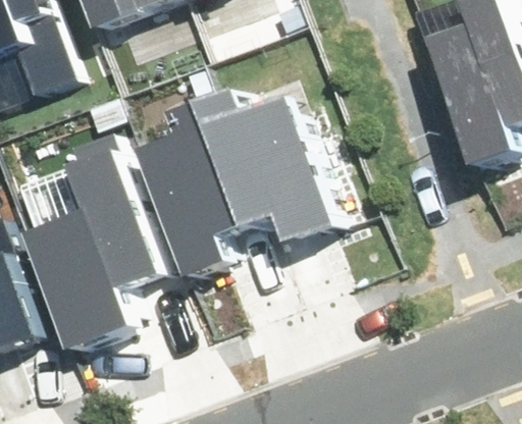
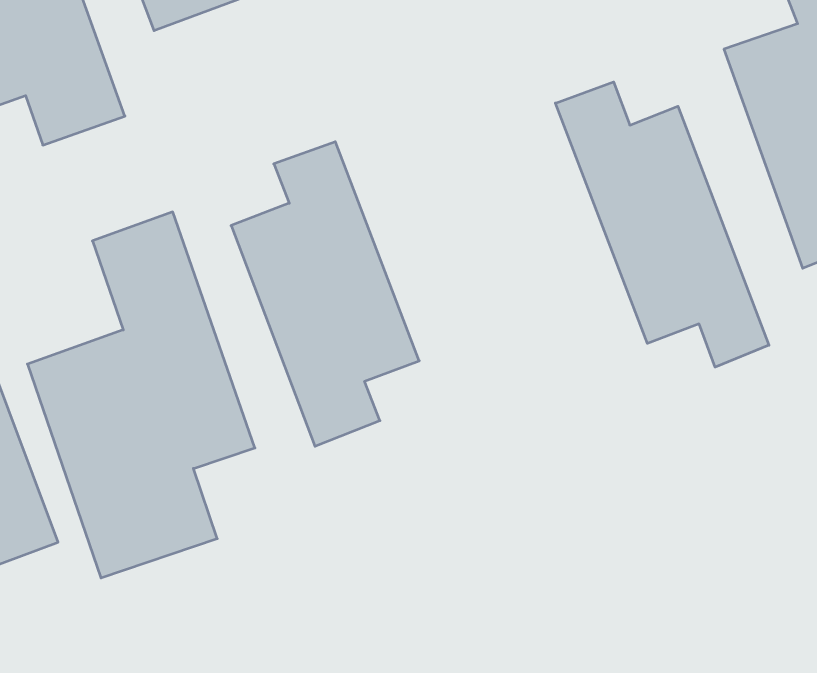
building: none -> [555,82,769,367]
building: [214,81,345,237] -> none

